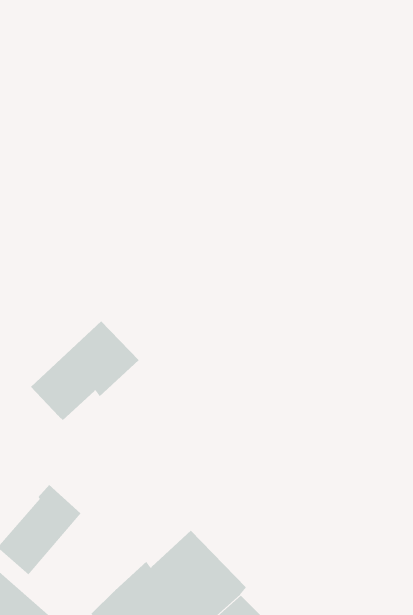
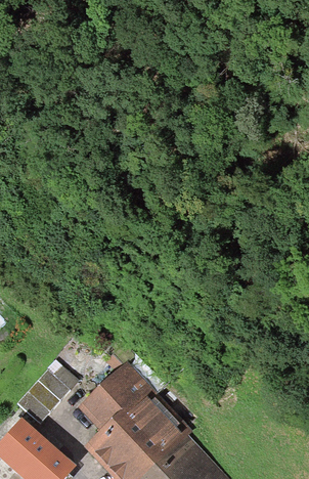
building: [30,320,139,421] -> [77,362,152,432]

